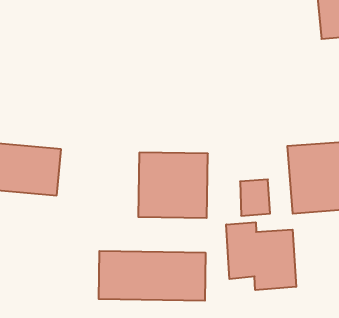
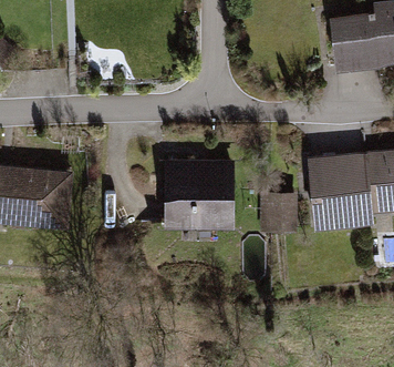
building: [226,222,296,290] -> none
building: [99,251,205,301] -> none

